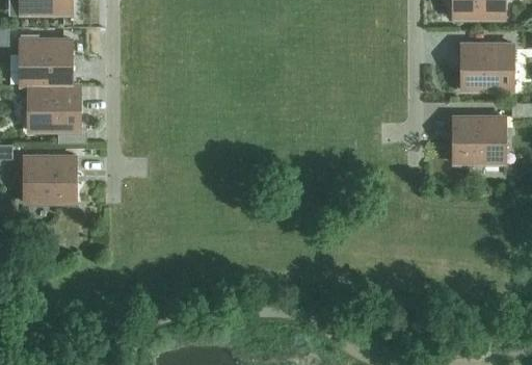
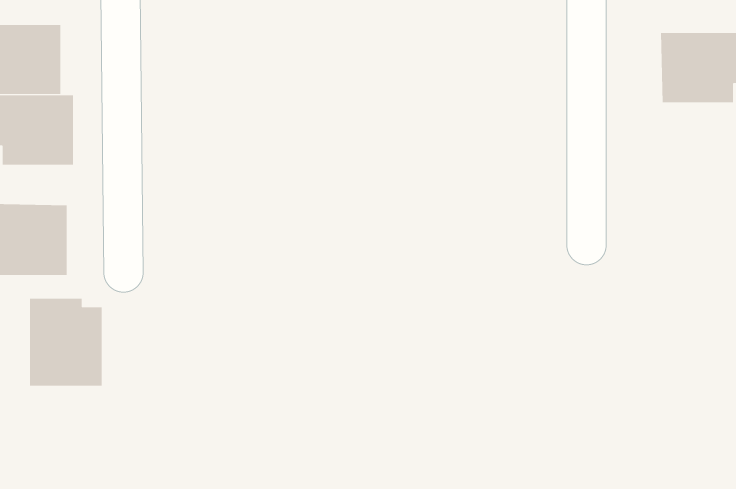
building: [452,116,504,162] -> none
building: none -> [29,298,102,387]

